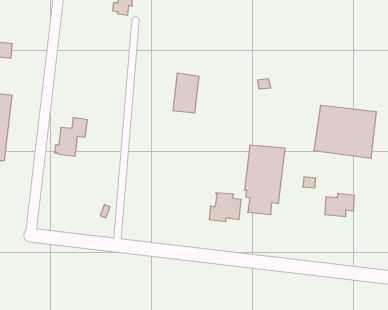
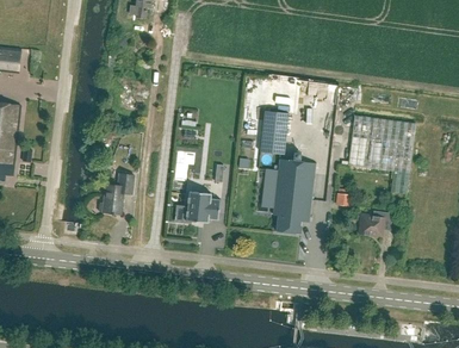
building: [173,73,199,113] -> [261,110,290,153]
building: [54,118,87,156] -> [98,173,134,215]
building: [209,193,241,222] -> [185,189,219,220]

